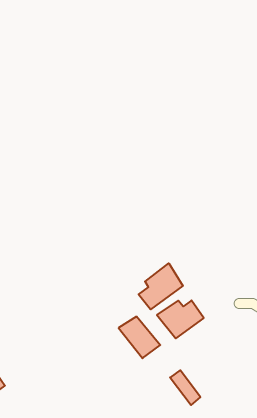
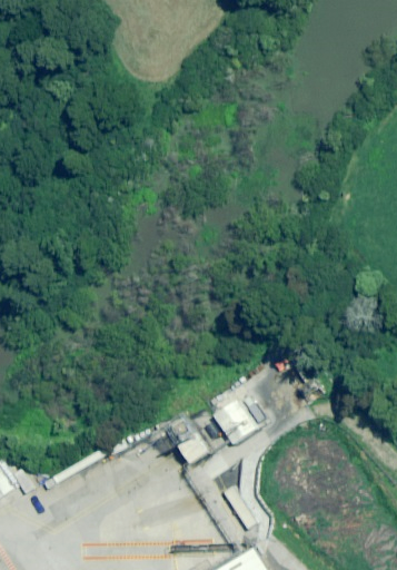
building: [139,263,183,309] -> none

